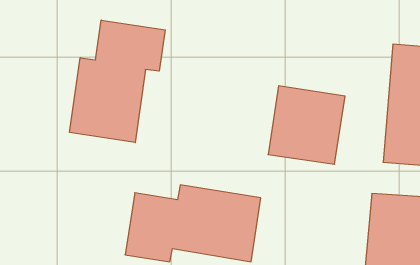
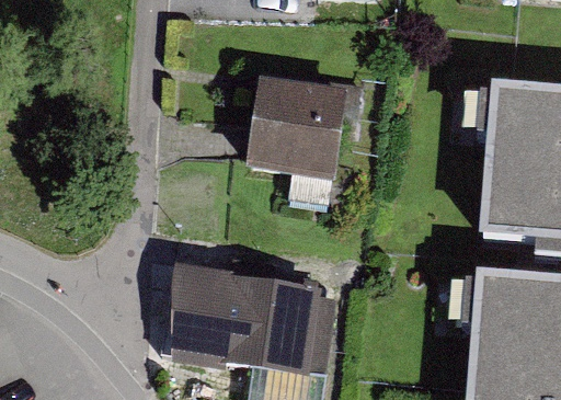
building: [70,20,165,143] -> none
building: [268,86,345,164] -> [252,75,348,173]

